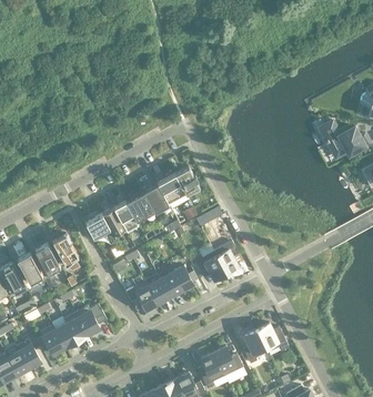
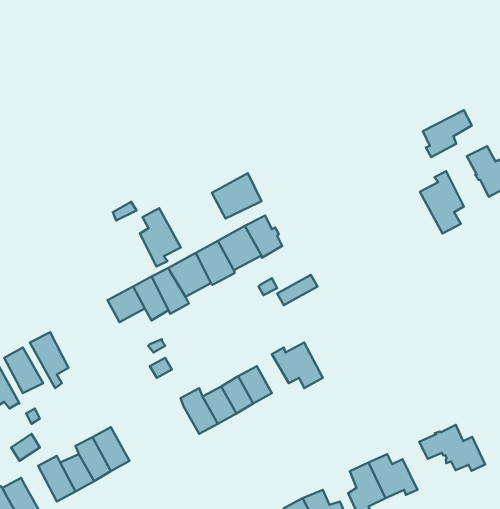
building: none -> [423,110,472,157]
building: none -> [420,171,464,233]
building: none -> [212,173,262,218]
building: none -> [140,208,181,267]
building: [51,232,78,271] -> none
building: [213,243,238,275] -> none
building: none -> [419,425,485,471]

